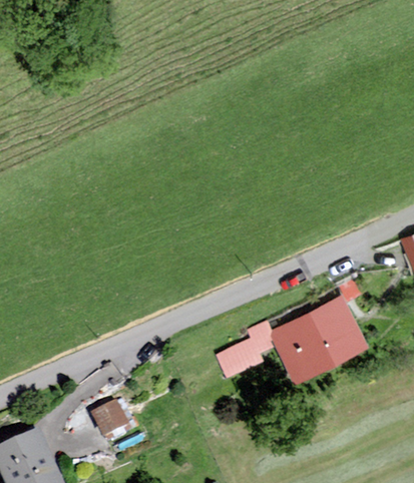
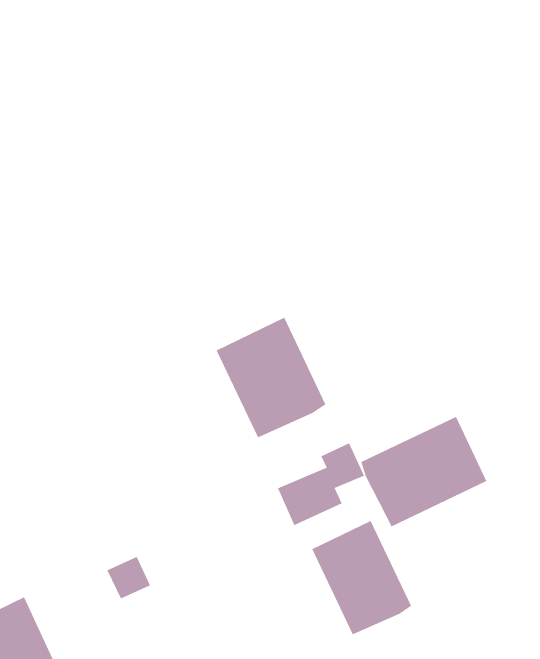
building: none -> [216,317,326,438]
building: none -> [312,520,412,635]

